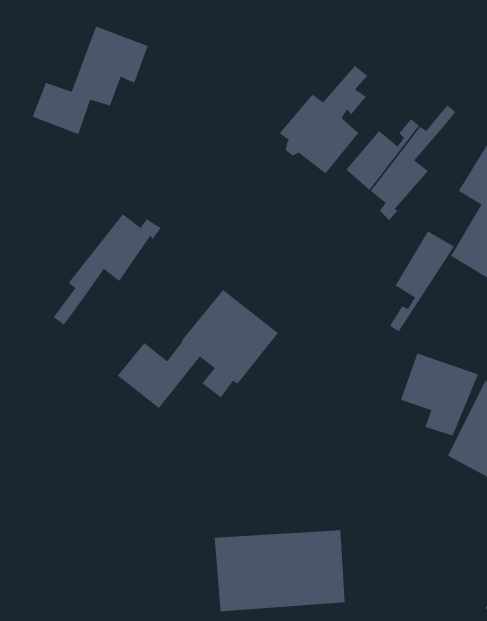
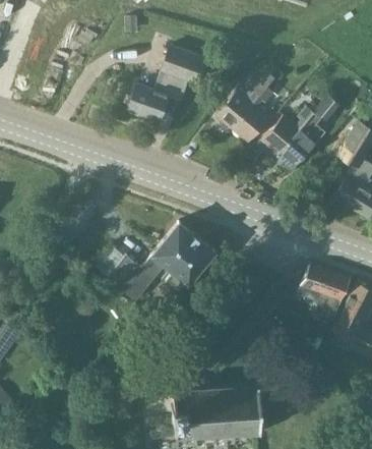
building: [32,26,149,135] -> [128,48,206,121]
building: [53,213,161,326] -> none
building: [389,231,455,332] -> none

